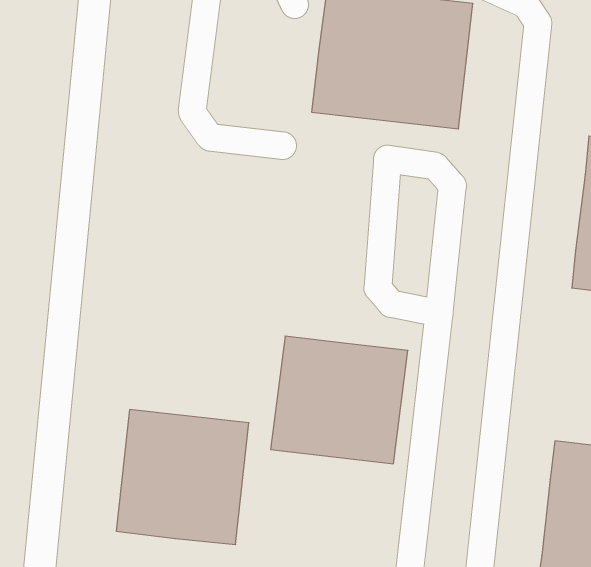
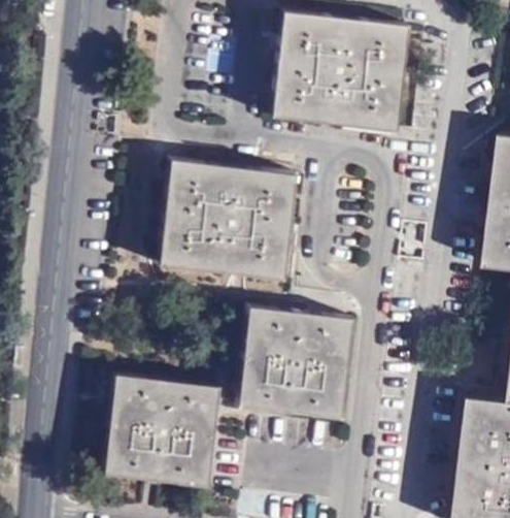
building: none -> [160,161,295,278]

